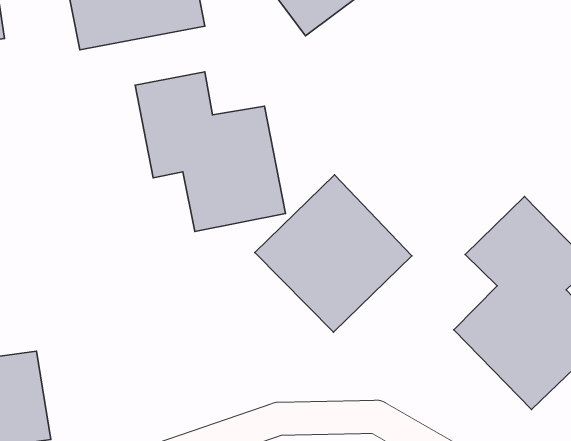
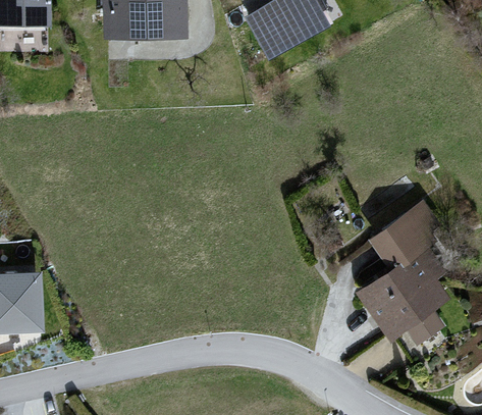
building: [135,72,285,232] -> none
building: [255,175,412,332] -> none

